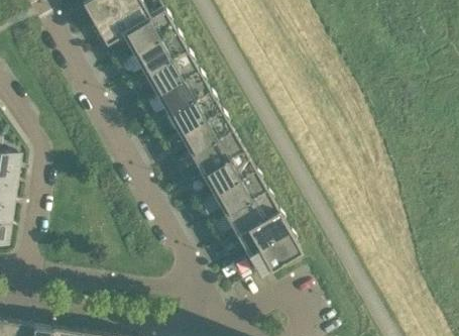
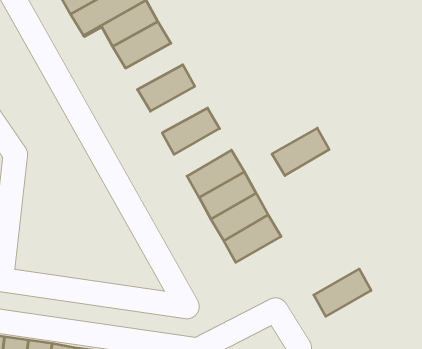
building: [142,49,196,93] -> none
building: [165,90,219,133] -> none
building: [188,129,241,174] -> [272,128,329,176]
building: [245,230,299,274] -> [314,269,371,316]

